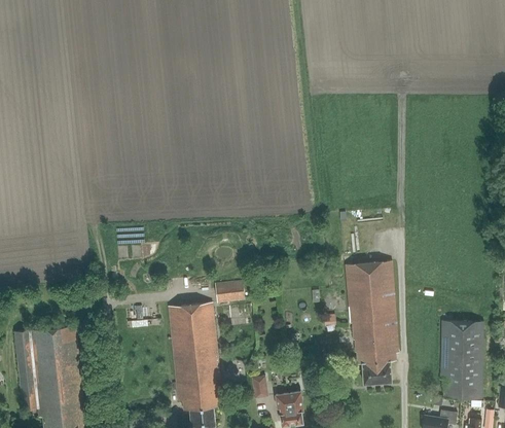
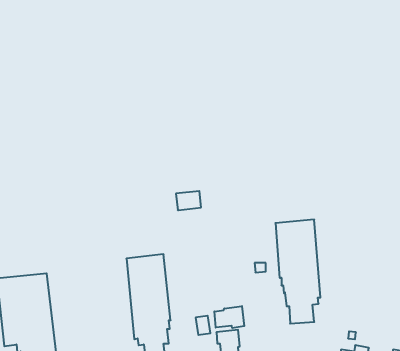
building: [214,280,244,302] -> [176,191,201,210]
building: [440,321,483,399] -> none
building: none -> [214,306,244,328]

